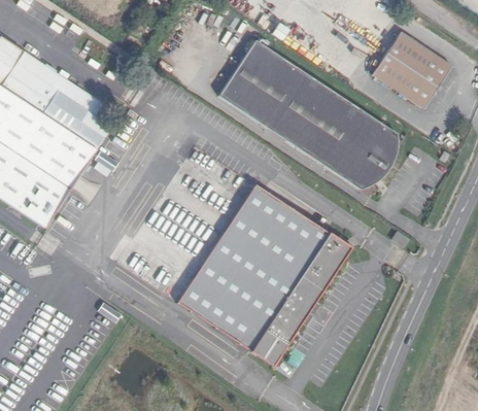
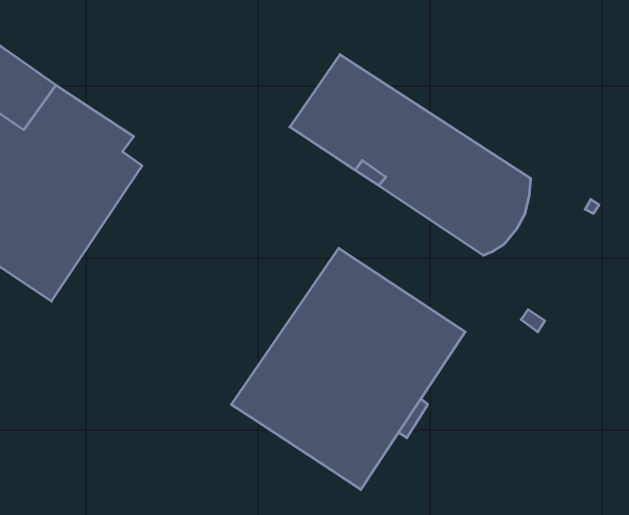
building: [371,30,448,105] -> none

